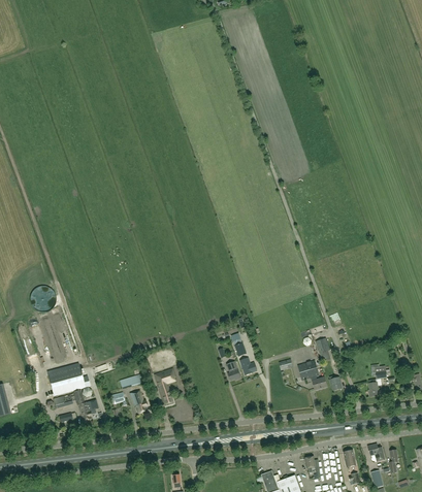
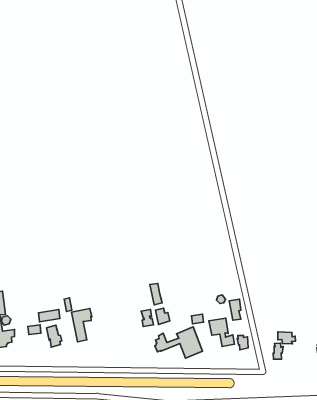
building: none -> [155,327,202,358]

